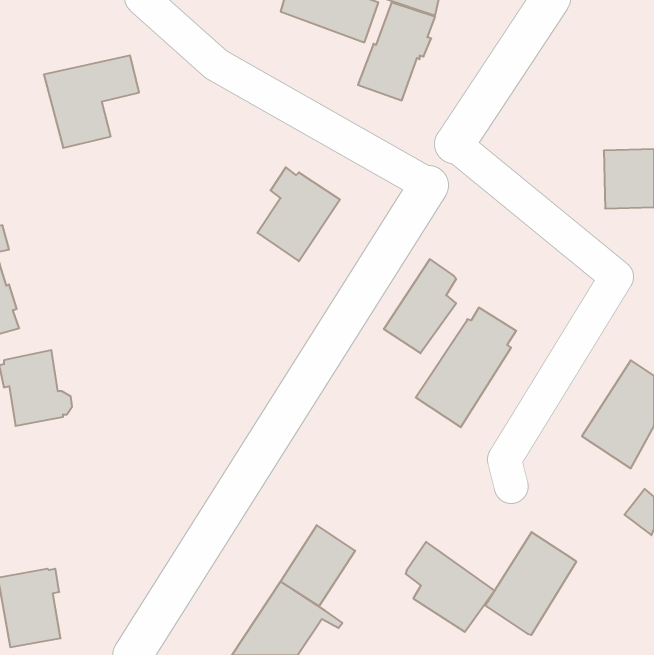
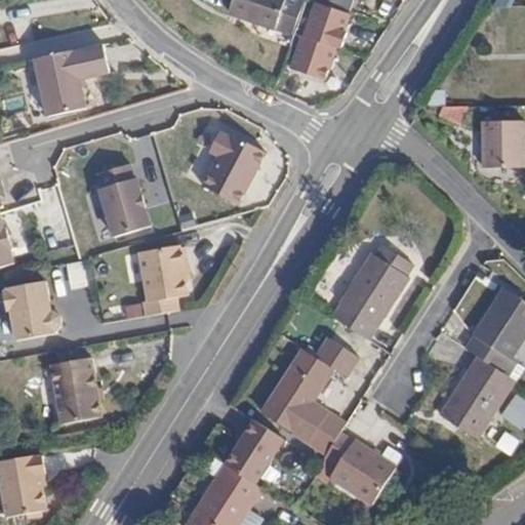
building: none -> [99,165,152,238]
building: [384,259,456,353] -> none
building: none -> [136,246,186,317]
building: none -> [260,337,357,454]
building: none -> [49,357,99,423]
building: [485,532,576,635] -> [439,356,512,438]

